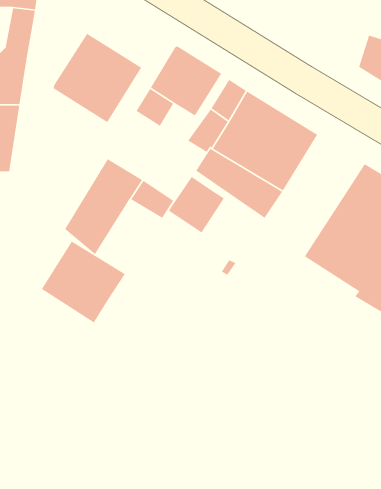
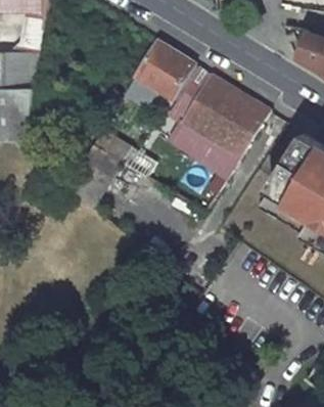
building: [52,33,142,123] -> none
building: [168,176,225,233] -> none
building: [41,240,126,323] -> none

